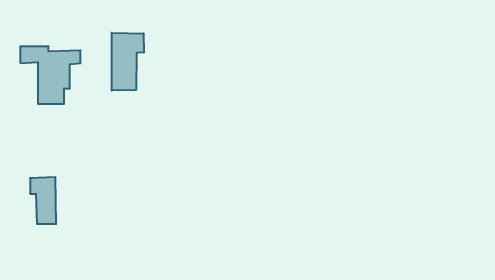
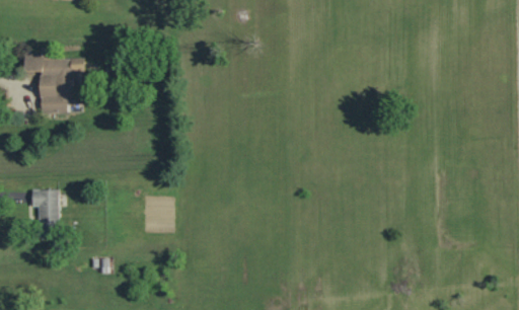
building: [112,33,144,91] -> none

